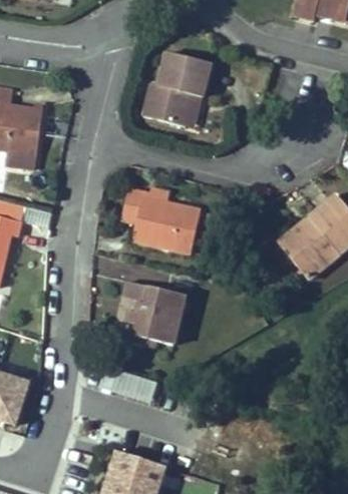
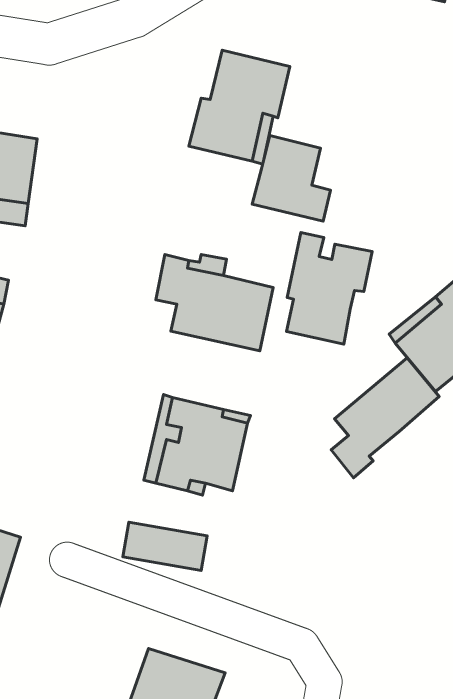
building: none -> [252,135,331,221]
building: none -> [286,233,372,344]
building: none -> [331,358,439,478]

